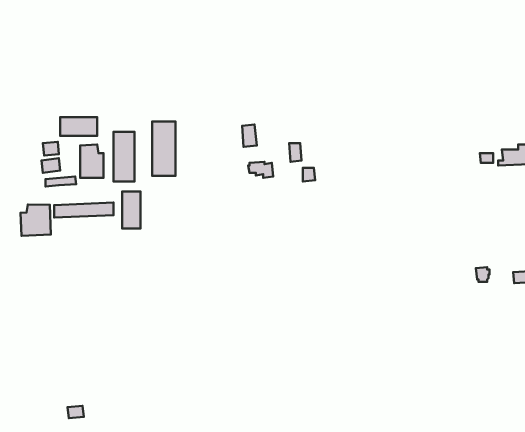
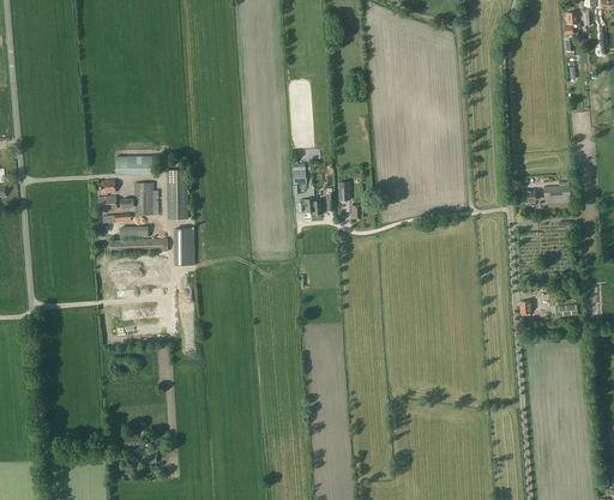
building: [152,121,175,176] -> none
building: [20,205,51,236] -> none

